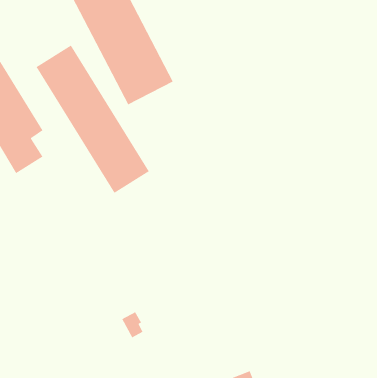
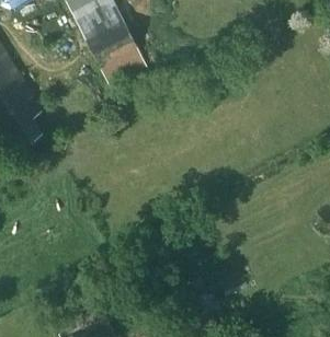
building: [35,45,150,194] -> none

